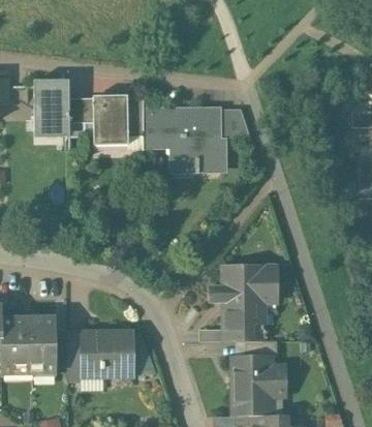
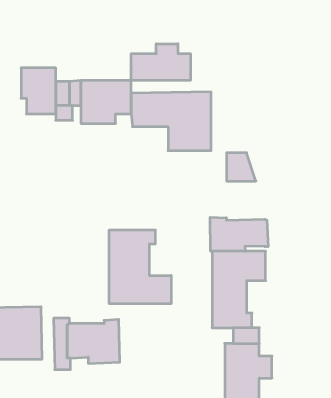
building: none -> [131,44,190,80]
building: [223,109,252,136] -> [227,153,256,181]
building: none -> [210,217,268,251]
building: none -> [109,230,171,304]

